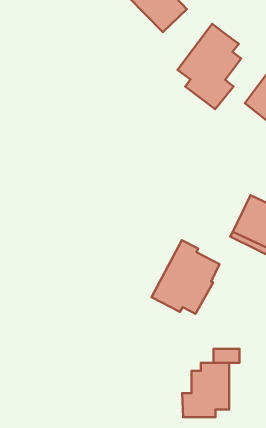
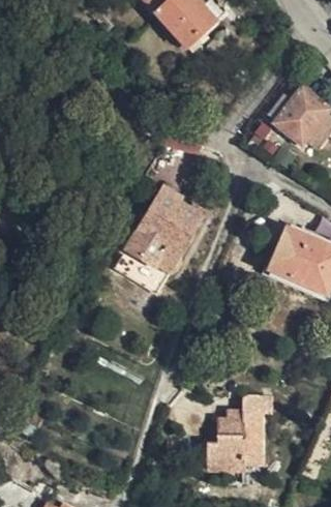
building: [178,24,241,109] -> none
building: [151,240,220,314] -> [126,185,203,268]

